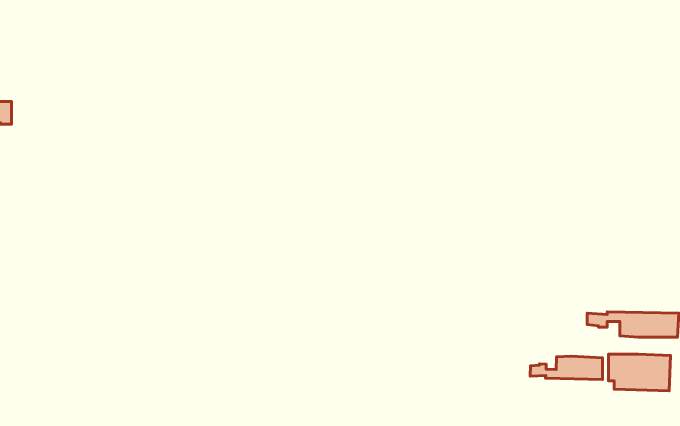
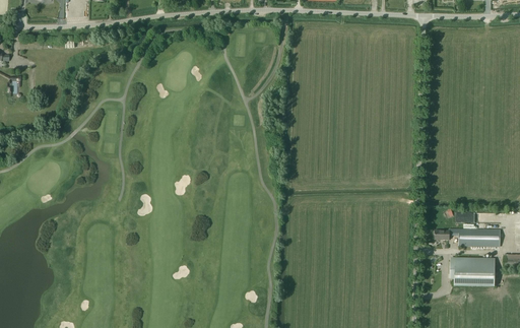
building: [530,356,603,380] -> none

